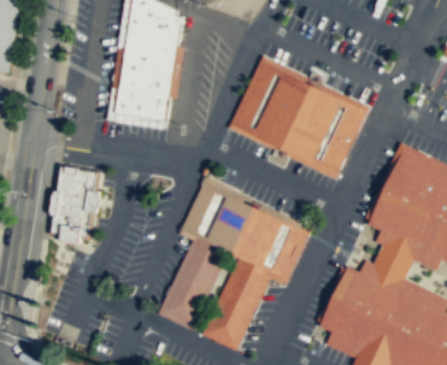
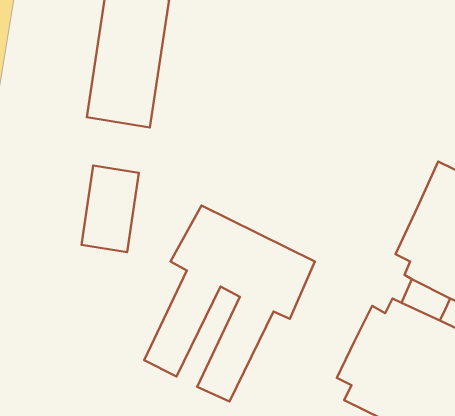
building: [234,61,363,172] -> none
building: [49,166,96,237] -> [82,165,139,252]

